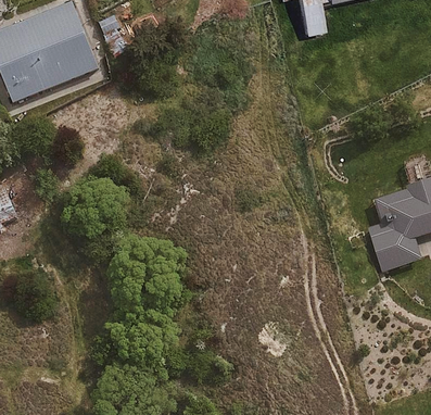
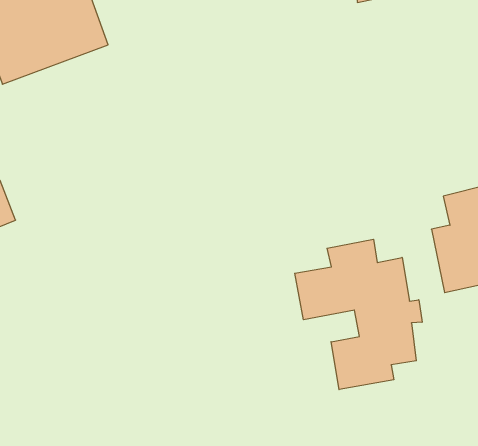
building: none -> [295,239,422,390]

